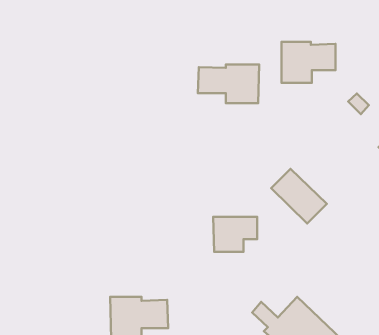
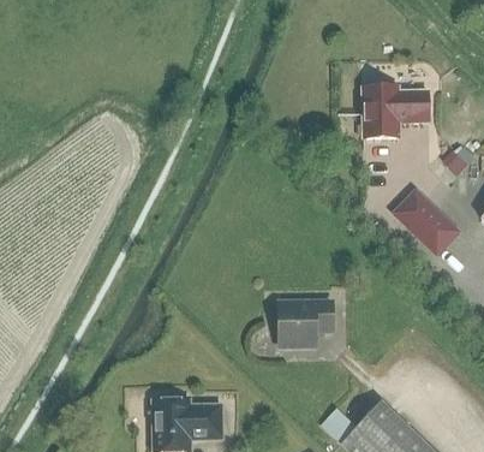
building: [198,64,259,103] -> none
building: [271,169,327,224] -> [394,189,462,256]

